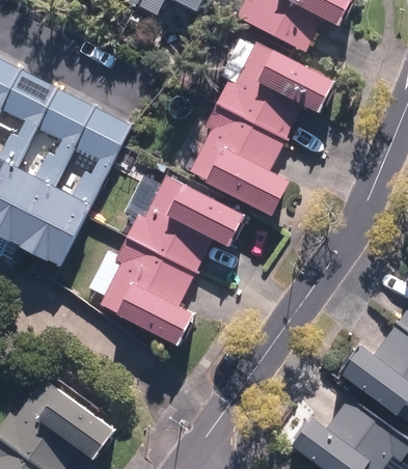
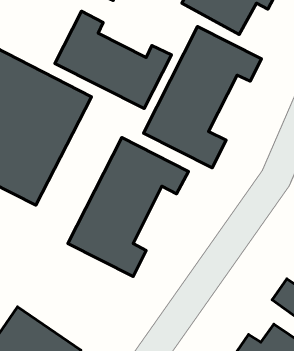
building: none -> [55,11,171,109]

